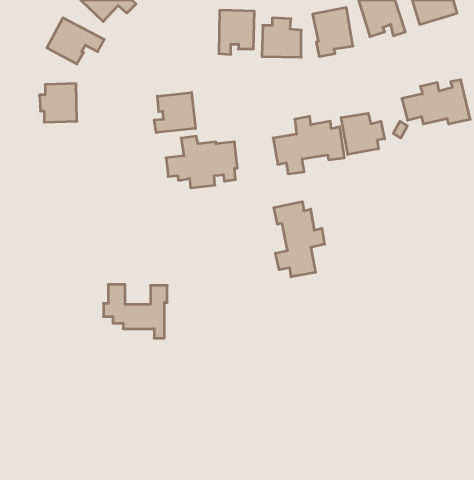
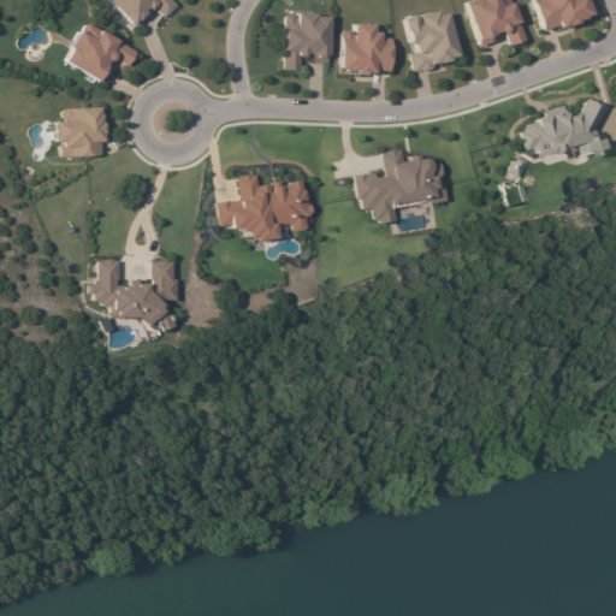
building: [154,92,195,133] -> none
building: [341,113,385,155] -> none
building: [274,202,325,277] -> none
building: [103,285,167,338] -> [94,260,176,328]

